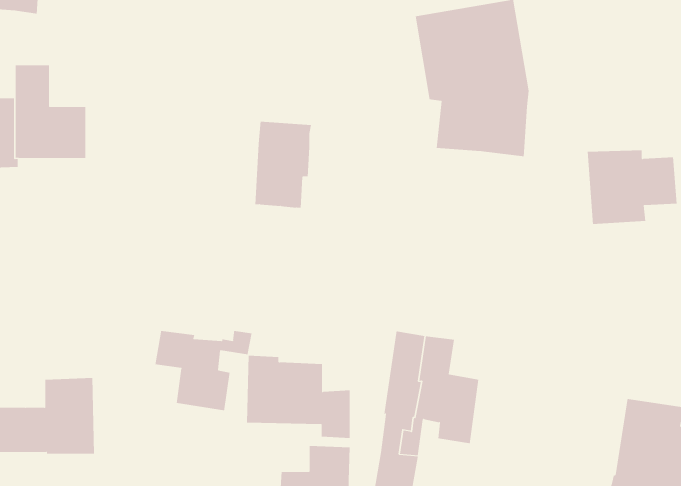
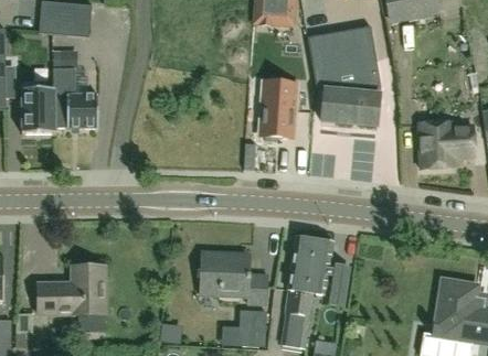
building: [255,121,312,208] -> [261,82,297,137]
building: [155,330,252,411] -> none

